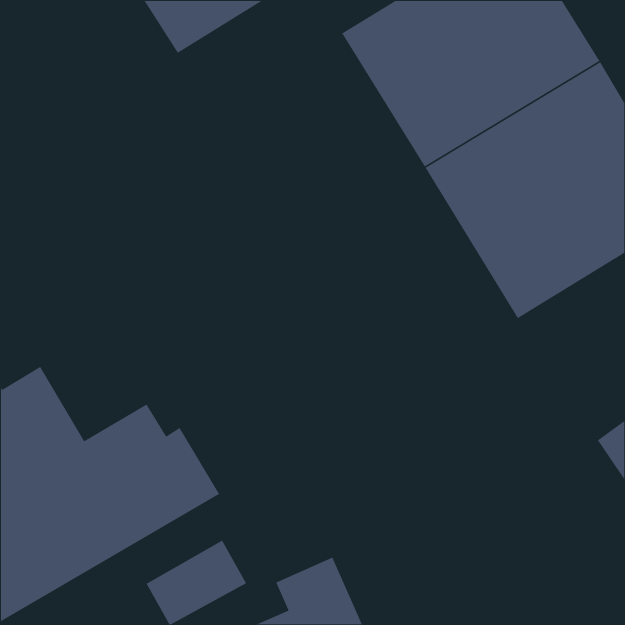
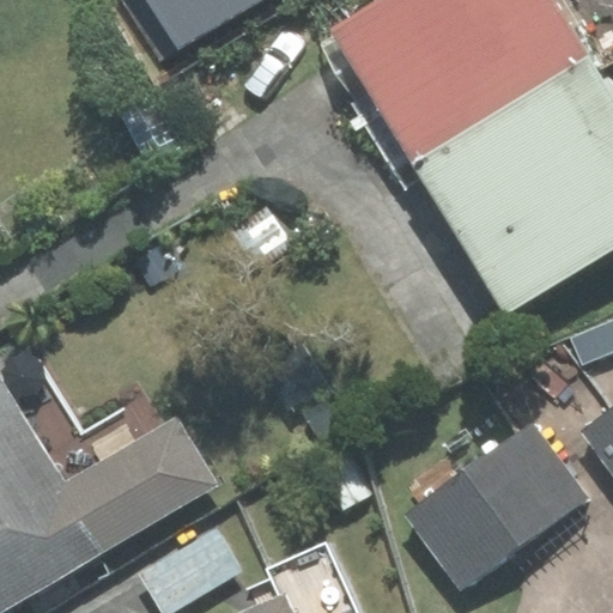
building: none -> [415,430,583,584]

